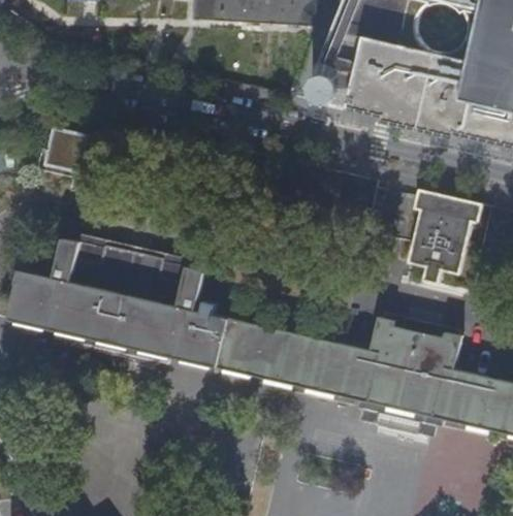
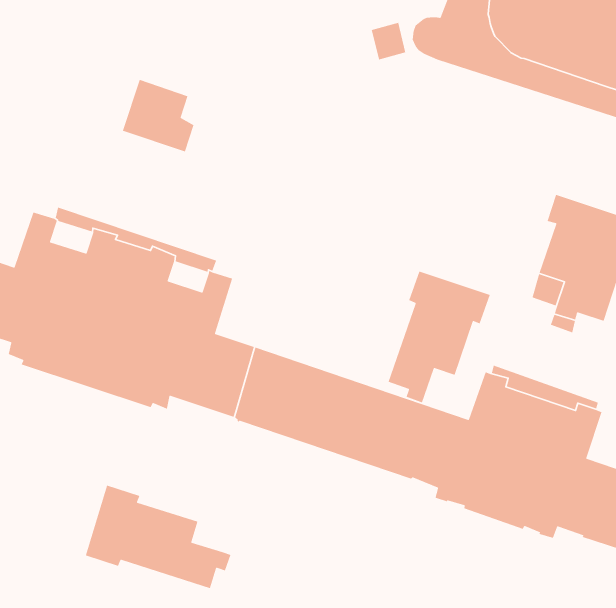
building: [43,126,93,173] -> [122,79,194,153]
building: none -> [387,271,491,404]
building: none -> [85,484,232,589]

